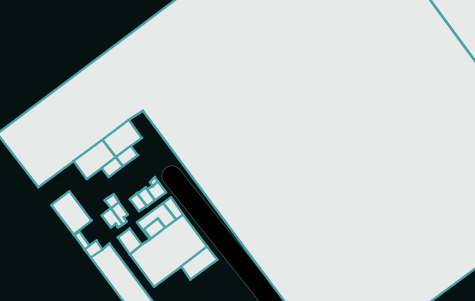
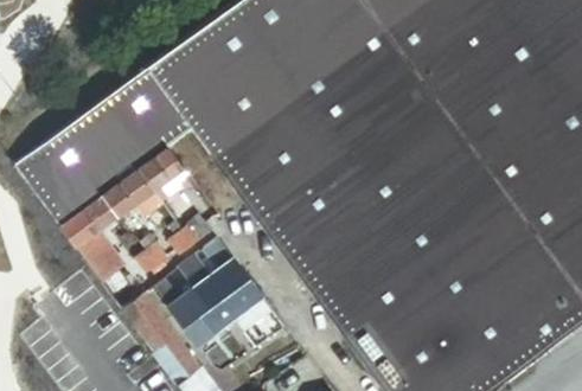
building: none -> [66,194,123,246]

